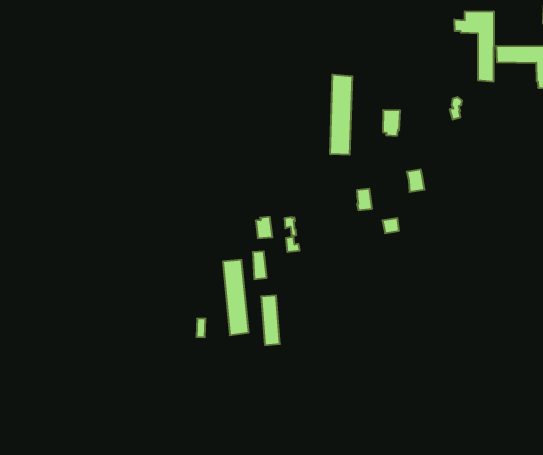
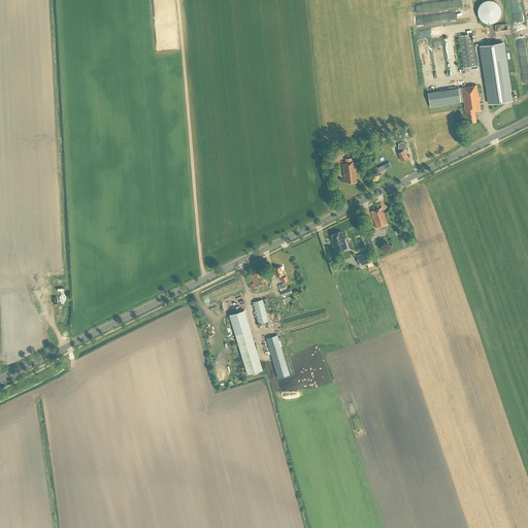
building: [454,11,494,82] -> none
building: [330,74,352,155] -> none

